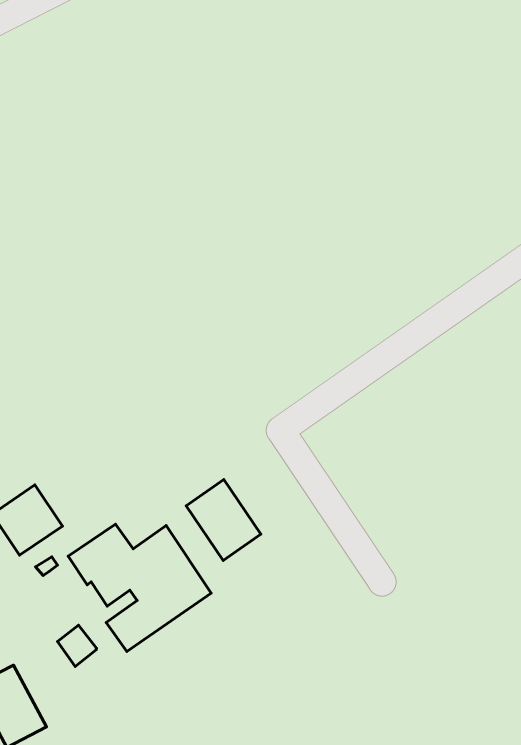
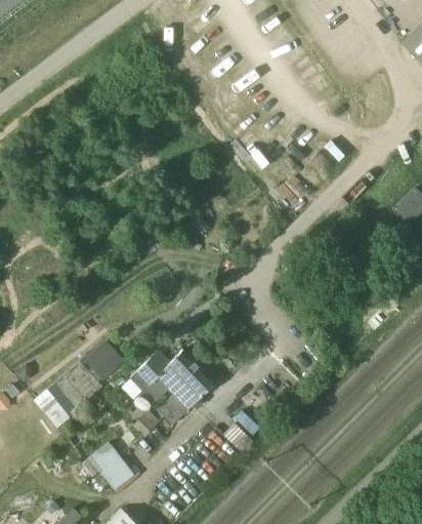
building: [186,480,261,560] -> none

